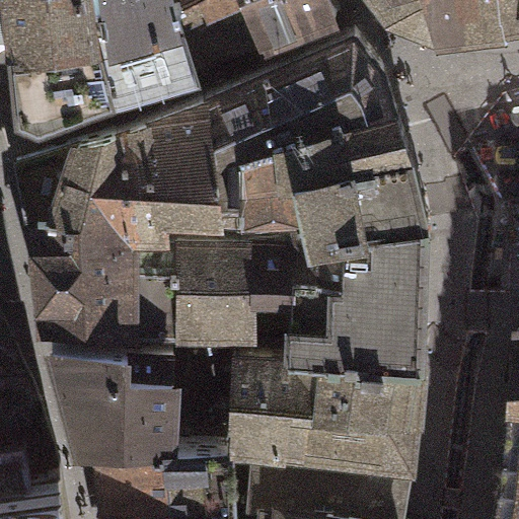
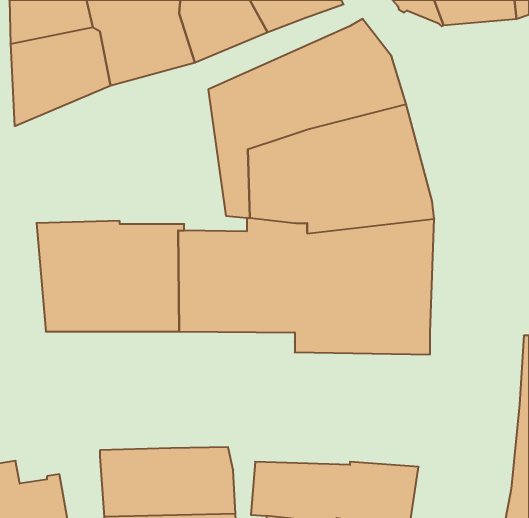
building: [14,101,220,232] -> none
building: [49,351,170,458] -> none
building: [223,356,419,468] -> none

